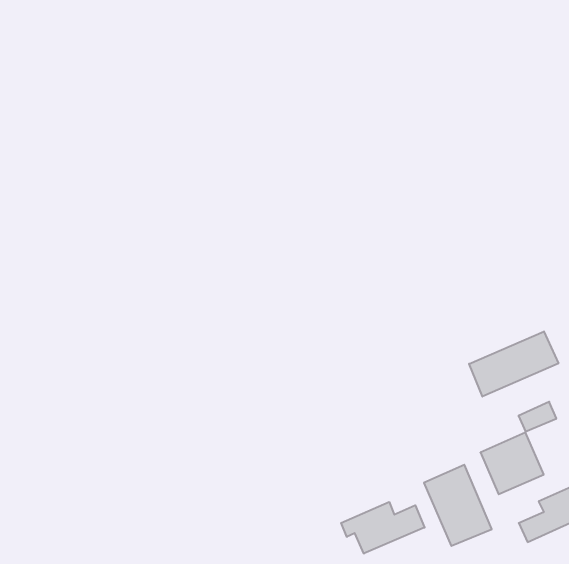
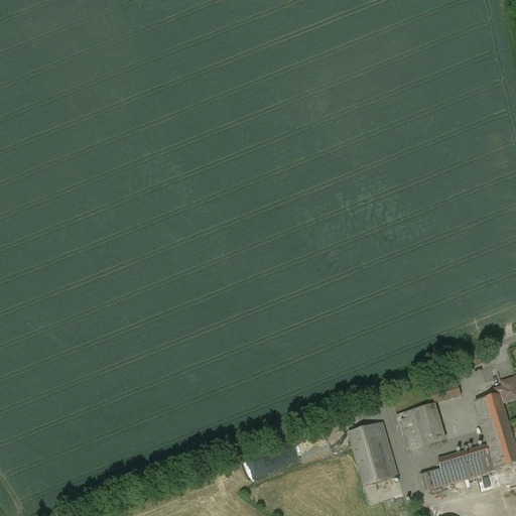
building: [469,331,558,397] -> none
building: [341,502,425,554] -> none

